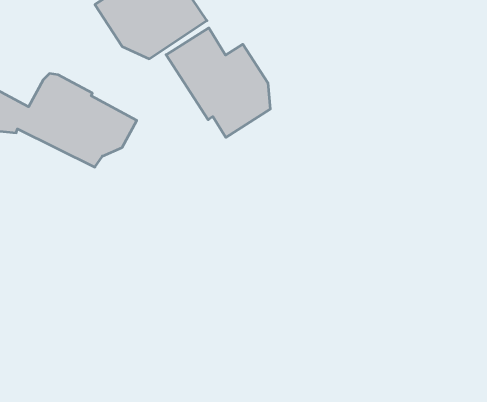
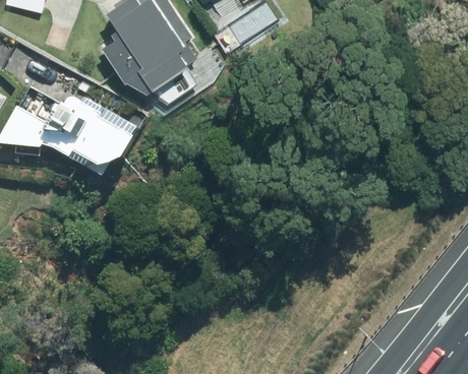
building: [166,28,270,137] -> none

